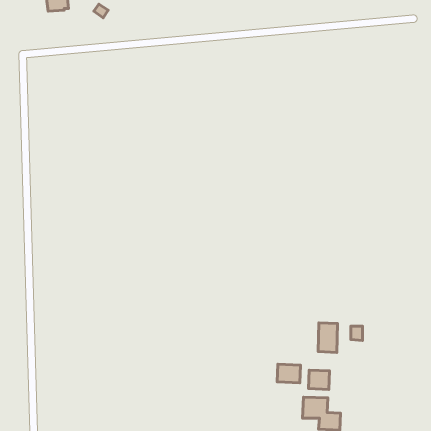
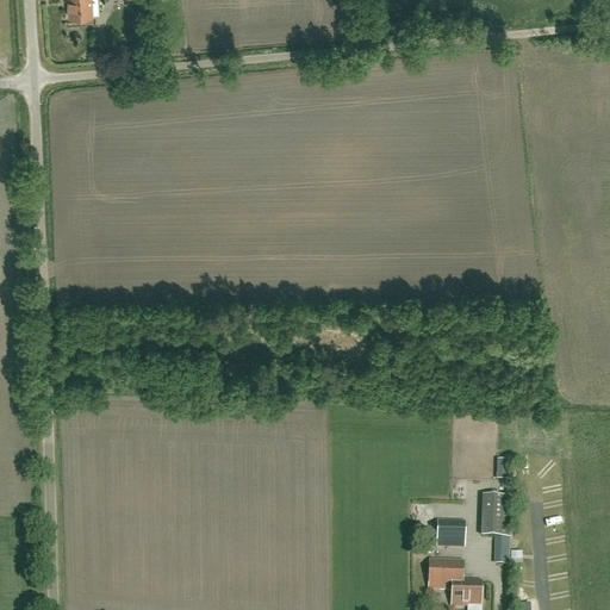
building: [318,323,338,352] -> [481,496,509,537]
building: [277,364,300,383] -> none

